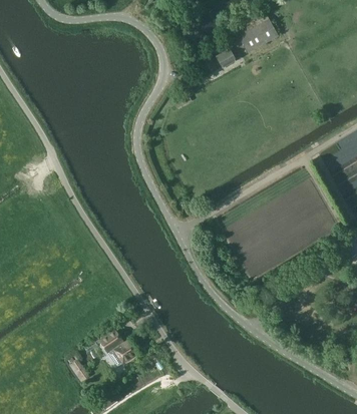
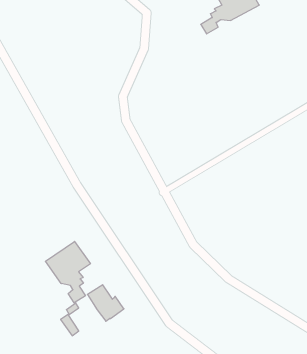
building: none -> [45,241,90,303]

